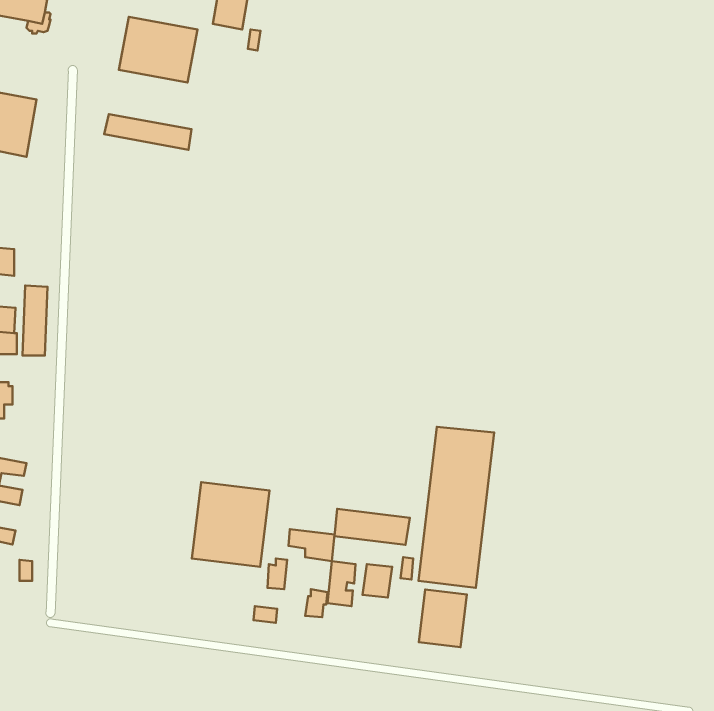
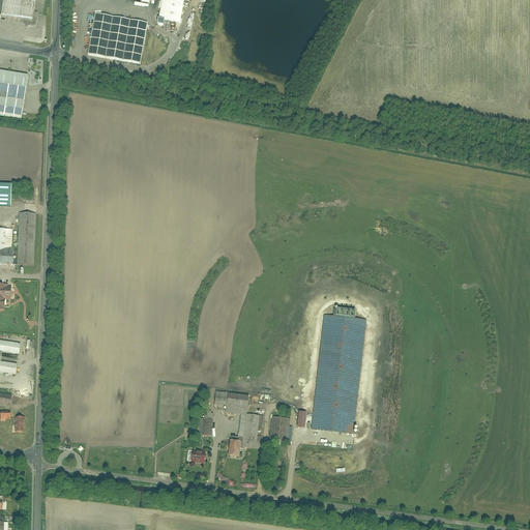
building: [104,114,192,150] -> none
building: [192,482,270,567] -> none
building: [334,509,410,545] -> none
building: [419,590,467,647] -> none

